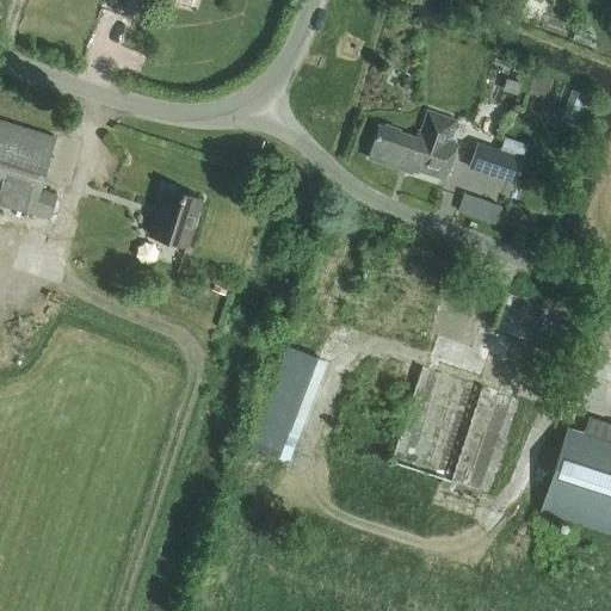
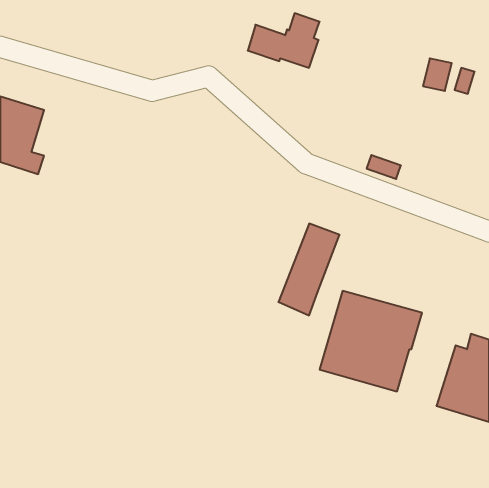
building: [368,111,457,179] -> [248,13,320,68]
building: [468,140,526,184] -> none
building: [147,186,202,249] -> none
building: [247,346,323,461] -> [278,224,340,315]

